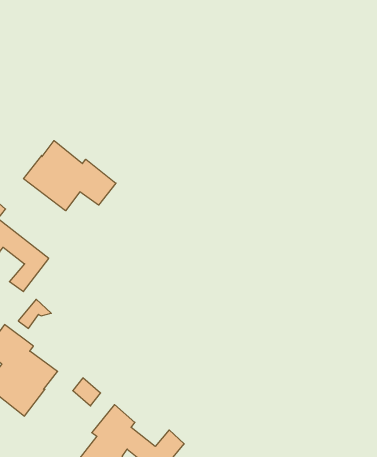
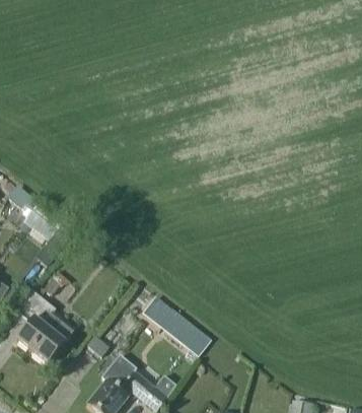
building: [24,141,116,211] -> none
building: none -> [142,295,212,356]

